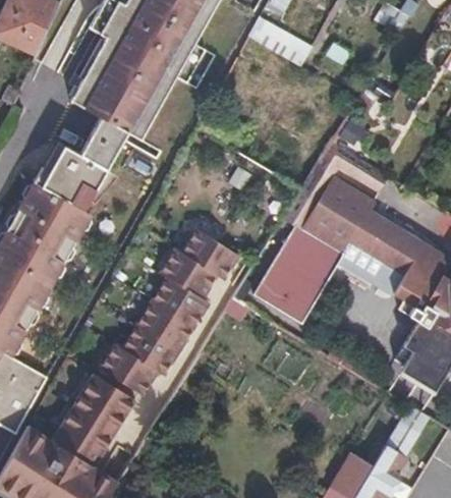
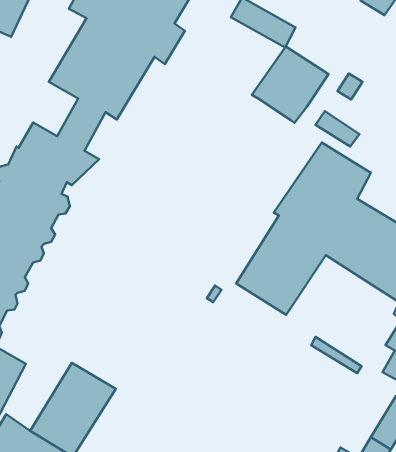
building: none -> [252,46,329,123]
building: [101,228,237,394] -> none

